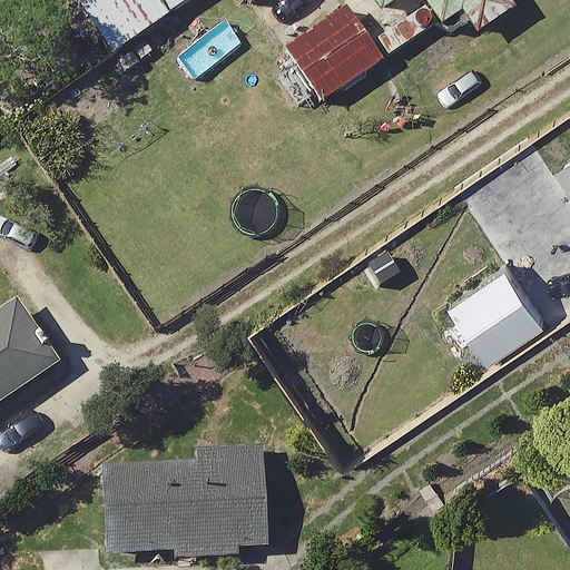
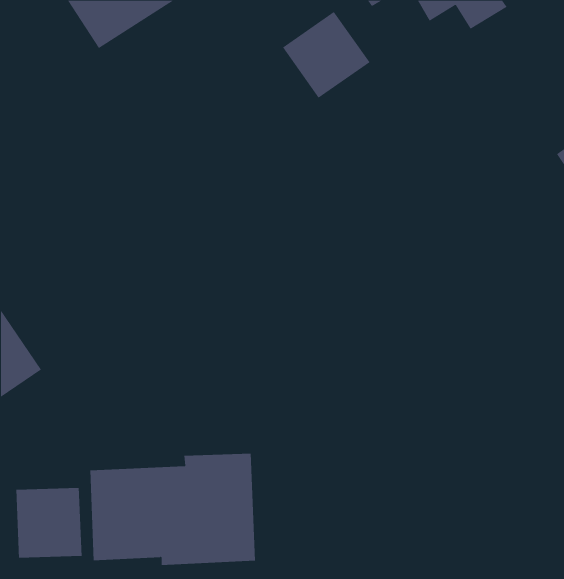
building: [452,254,548,352] -> none
building: none -> [16,487,82,558]

